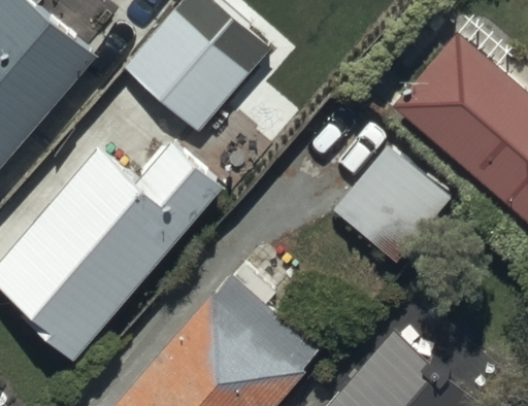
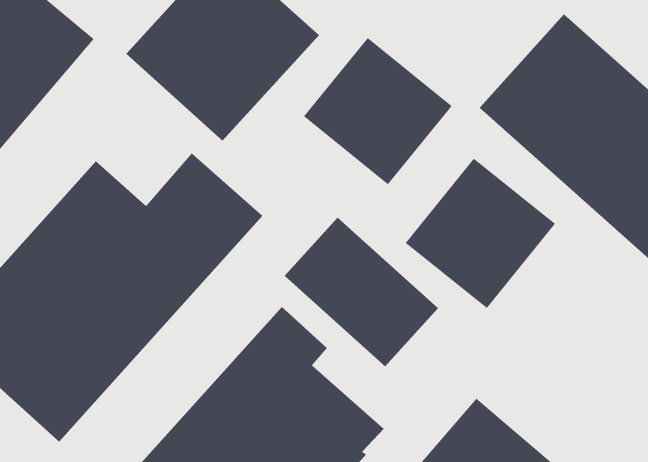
building: none -> [303,37,453,185]
building: none -> [284,217,439,367]

